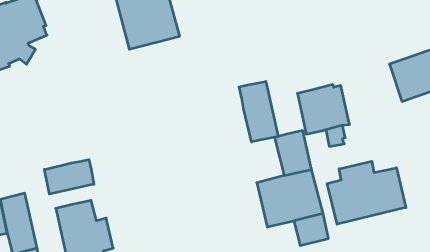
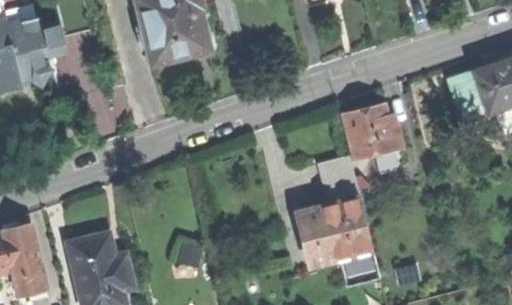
building: [239,81,278,142] -> none
building: [44,160,94,194] -> none
building: [327,161,406,224] -> none

